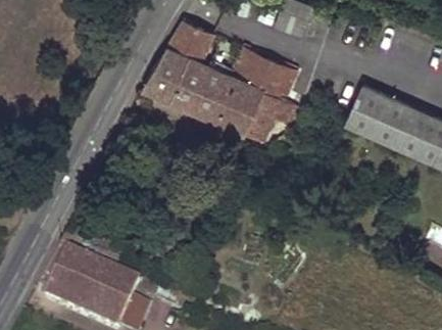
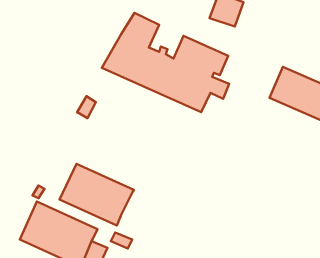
building: none -> [60,164,134,226]

